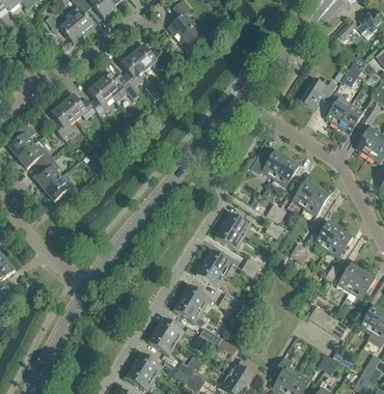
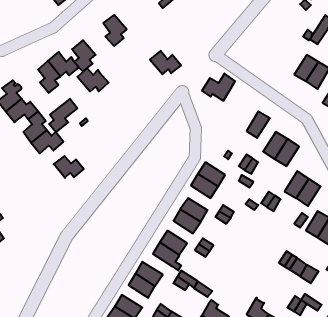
building: [133,45,166,69] -> [150,51,181,74]
building: [100,72,133,96] -> [77,68,109,91]
building: [299,76,336,109] -> none
building: none -> [49,99,77,132]
building: [251,148,286,177] -> [202,73,235,101]
building: none -> [54,156,84,178]

